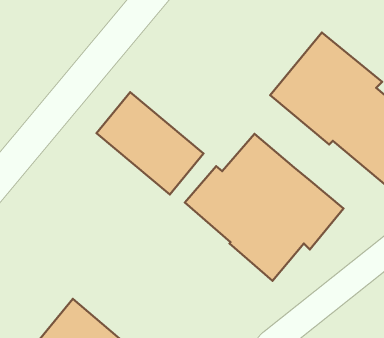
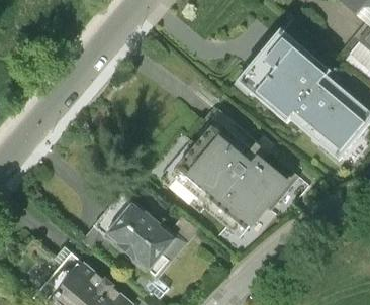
building: [96,92,203,195] -> [94,192,184,278]

